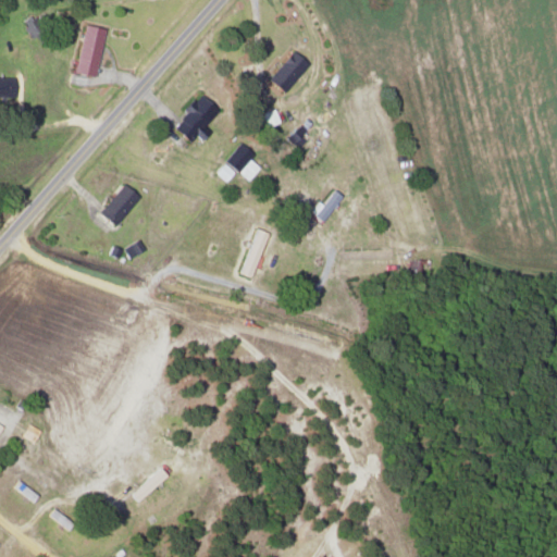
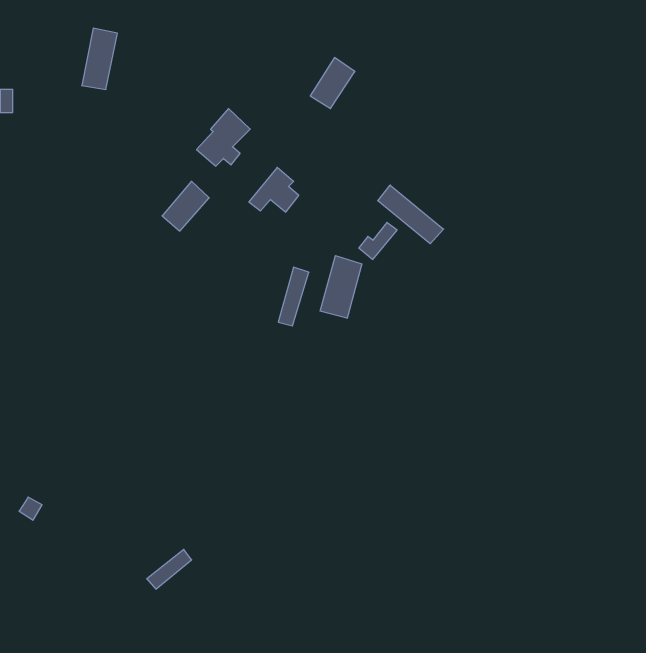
building: none -> [378,185,444,244]
building: [99,183,139,225] -> [162,181,209,231]
building: none -> [320,256,362,318]

